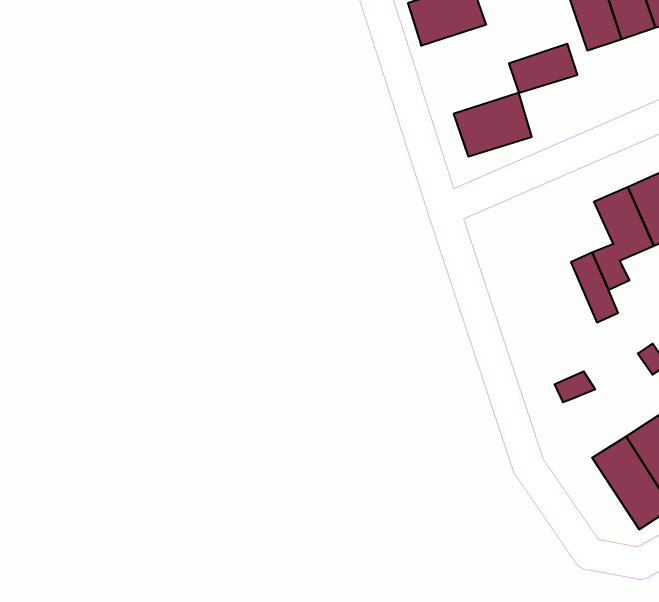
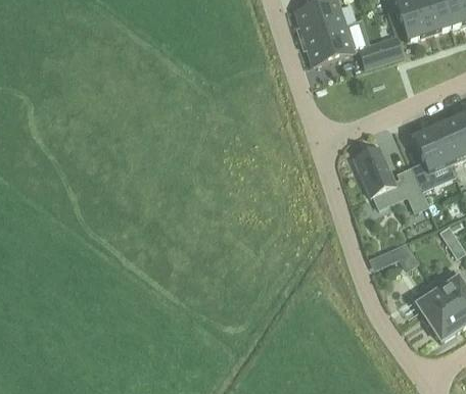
building: [454,93,532,156] -> [304,24,353,64]
building: none -> [353,146,395,197]

